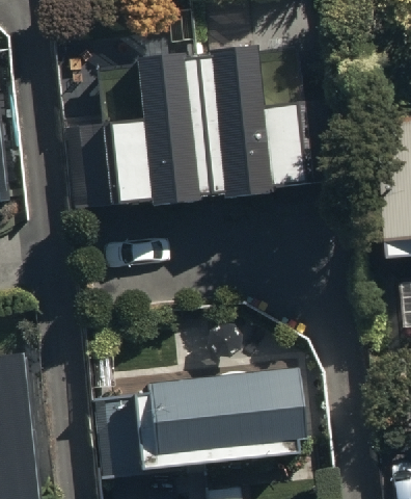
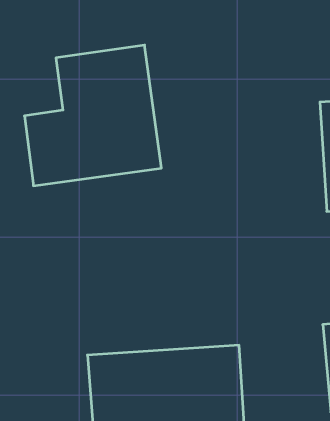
building: [194,48,307,185] -> none

